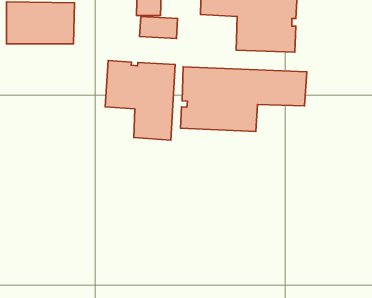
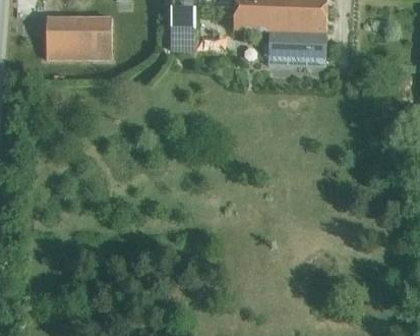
building: [105,61,175,140] -> none
building: [181,67,307,132] -> none

